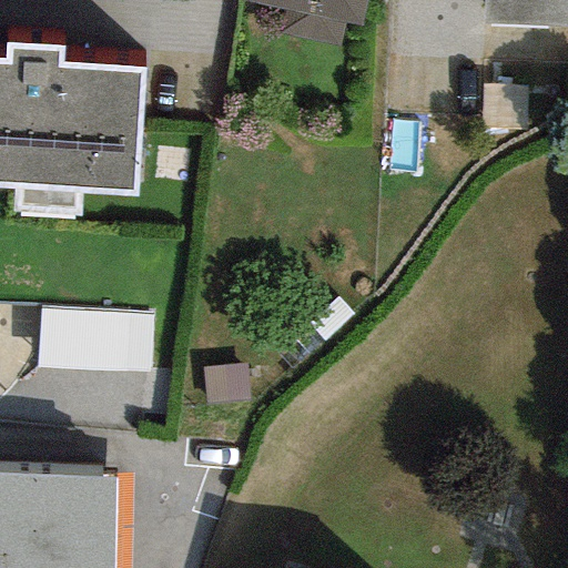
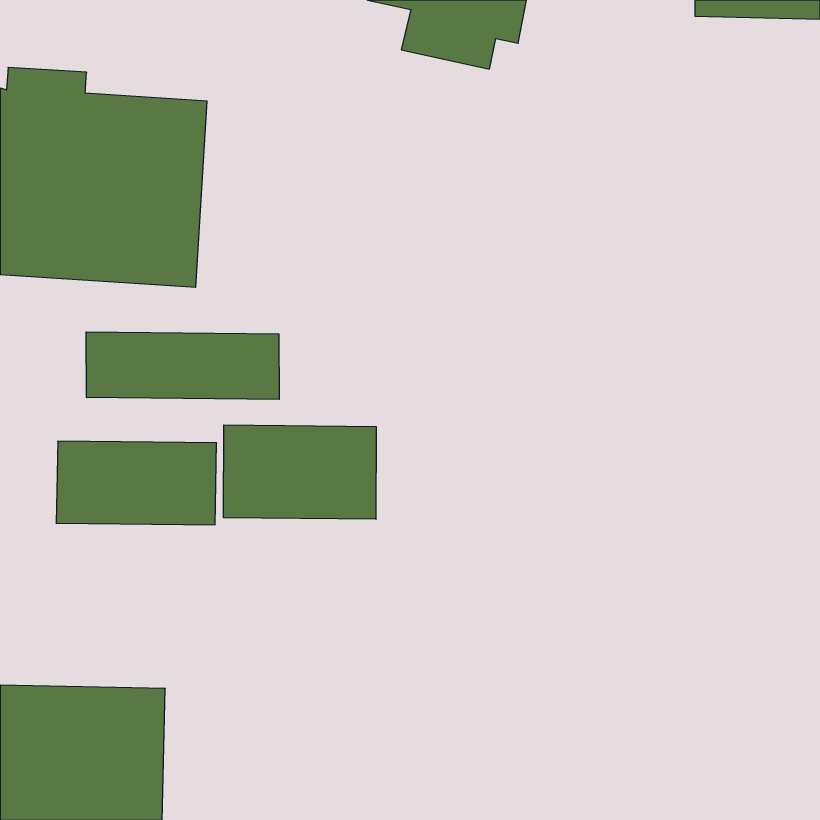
building: none -> [86,332,279,399]
building: none -> [224,425,376,519]

